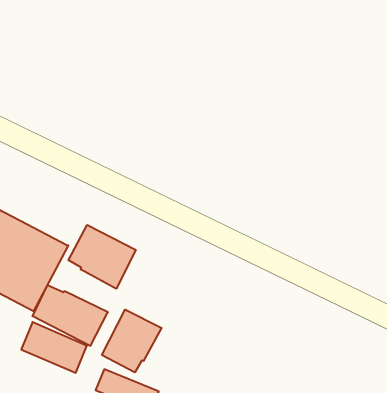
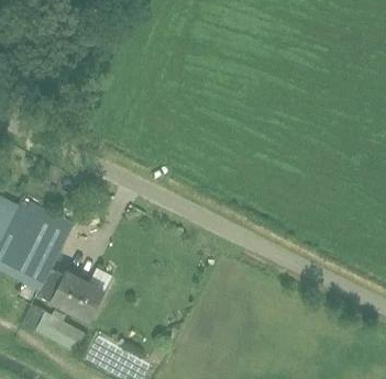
building: [68,225,136,289] -> none
building: [102,310,162,372] -> none

